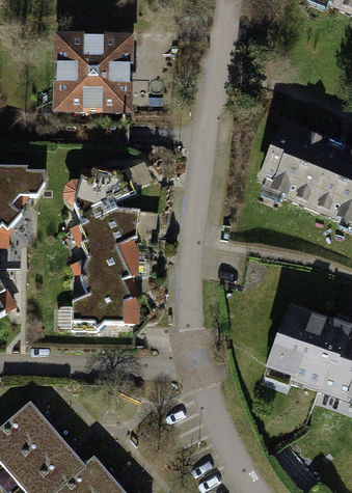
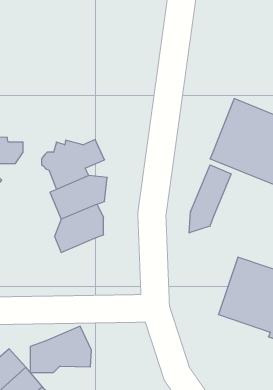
building: [56,37,131,115] -> none
building: none -> [189,165,231,233]
building: [71,278,139,330] -> [30,326,91,373]

